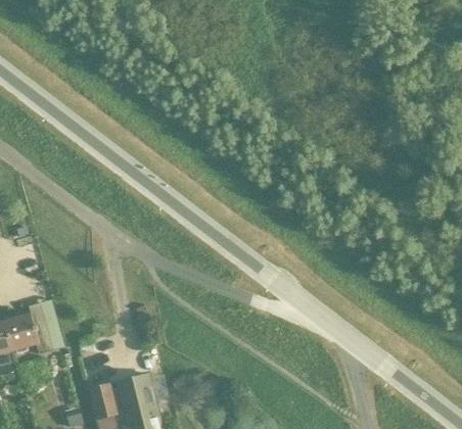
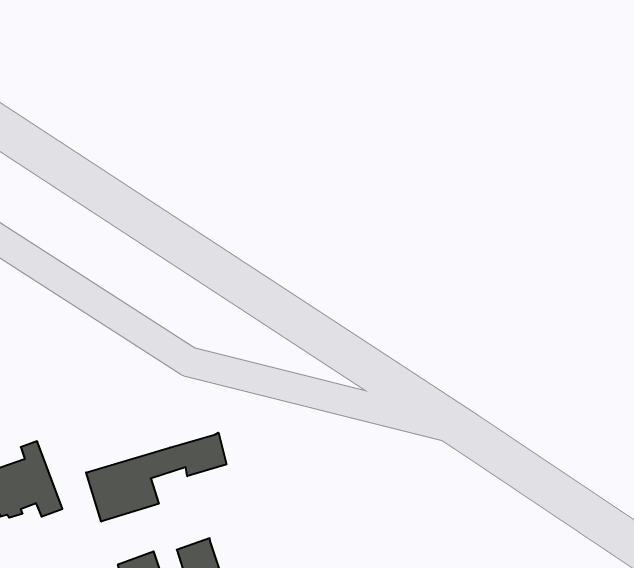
building: none -> [86,433,226,522]

